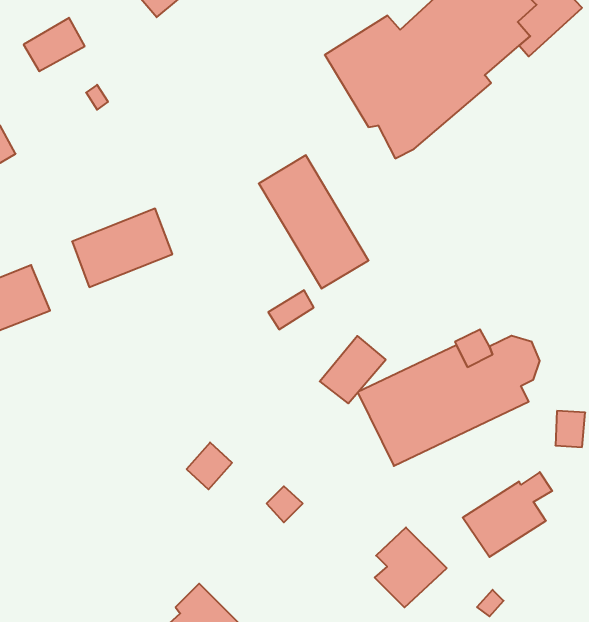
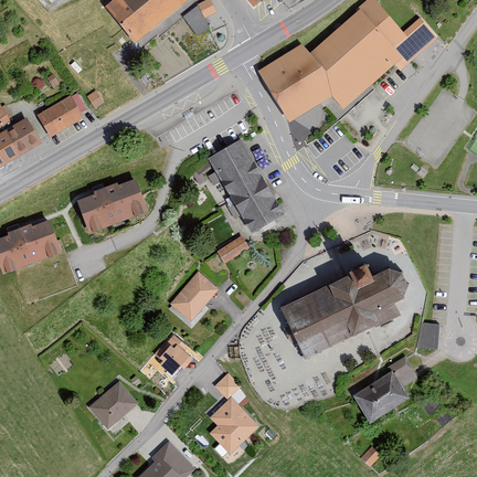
building: [24,18,85,71] -> [38,95,81,132]
building: [320,336,386,403] -> [170,272,216,319]
building: none -> [88,380,137,426]
building: [375,527,447,607] -> [209,398,259,454]

